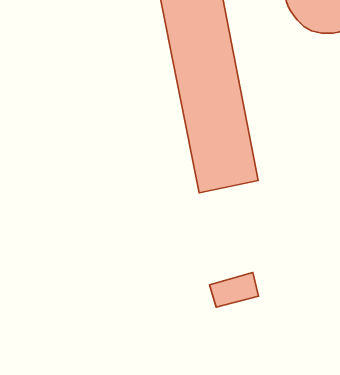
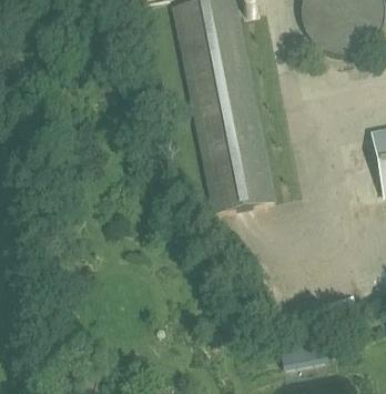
building: [209,273,258,307] -> [277,331,326,365]

